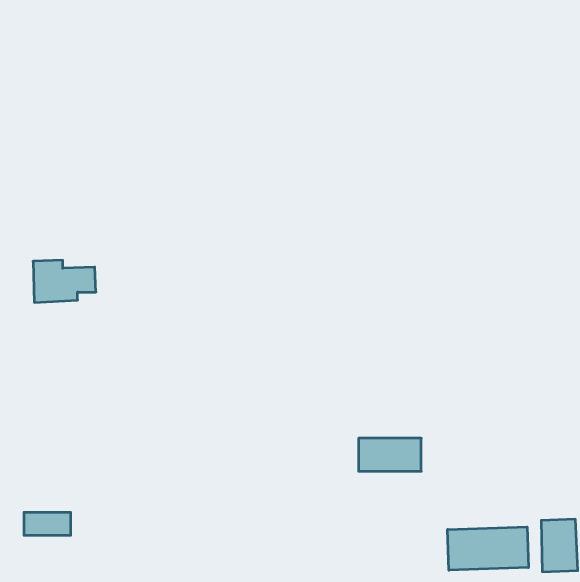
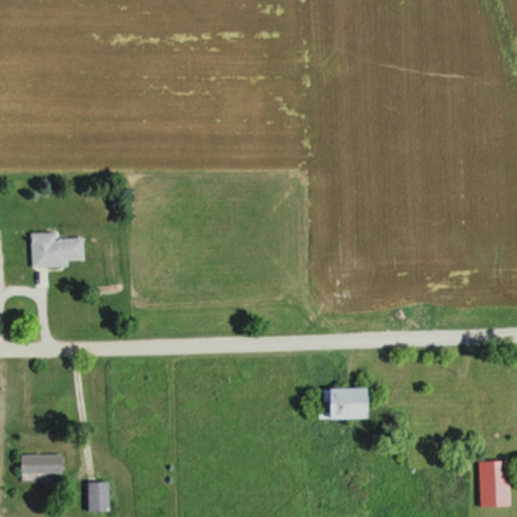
building: [448,527,528,570] -> none
building: none -> [88,481,111,512]

